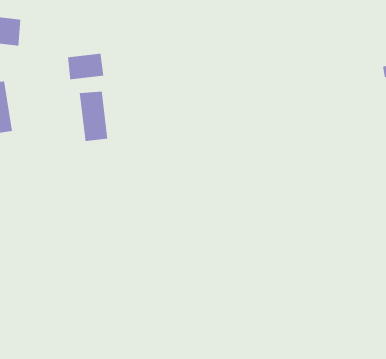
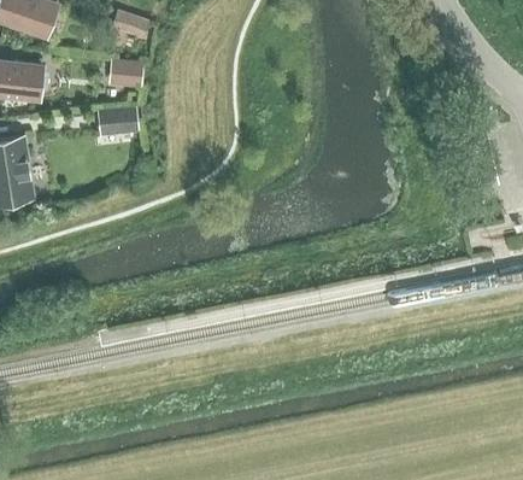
building: none -> [110,60,142,89]
building: [79,91,108,142] -> none

